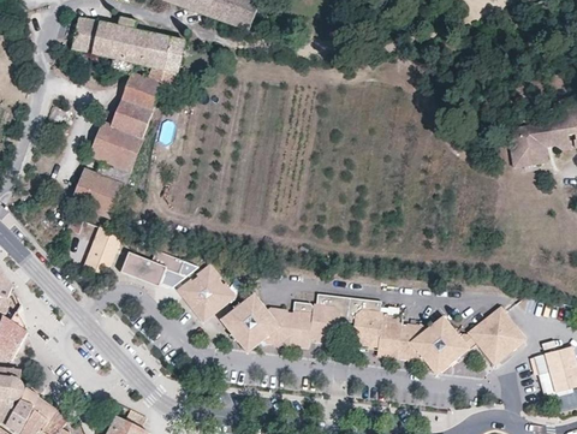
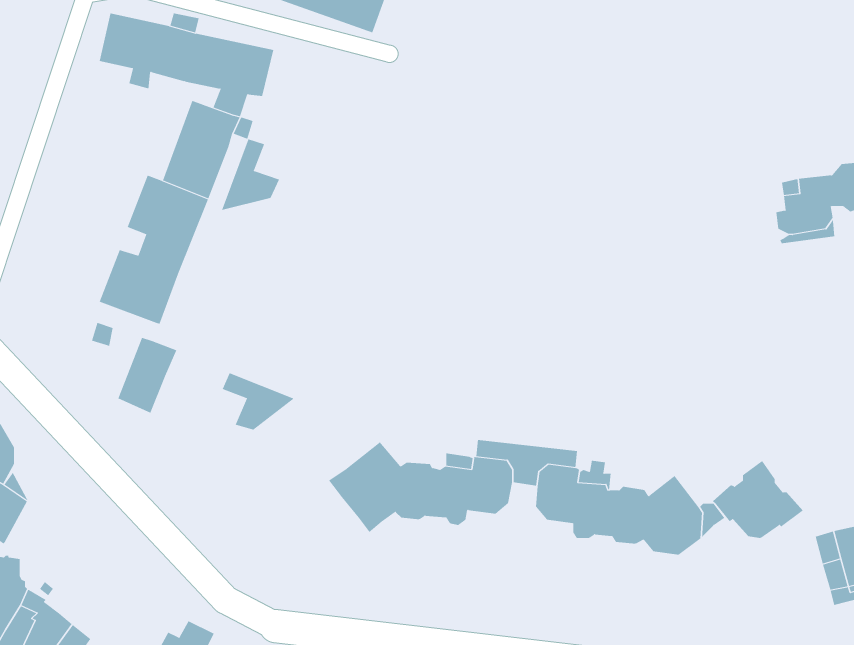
building: none -> [221,139,280,211]
building: [120,251,166,286] -> none
building: [176,262,234,316] -> none

